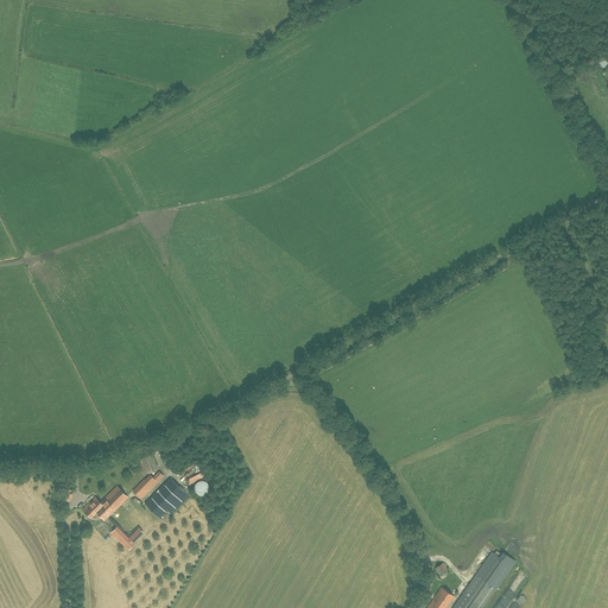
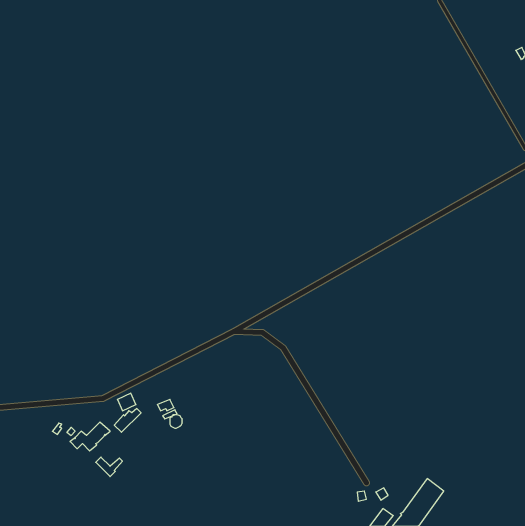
building: [144,479,183,518] -> none

